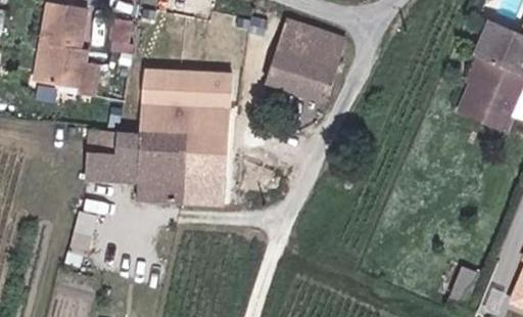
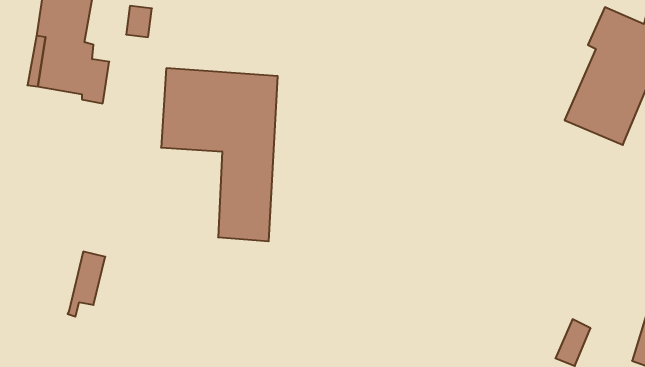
building: [265,20,344,102] -> none
building: [83,129,187,201] -> none

